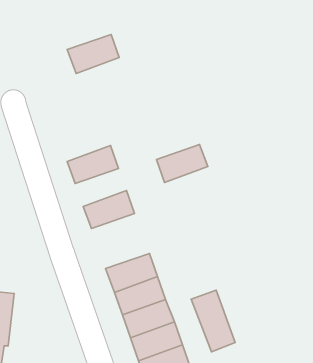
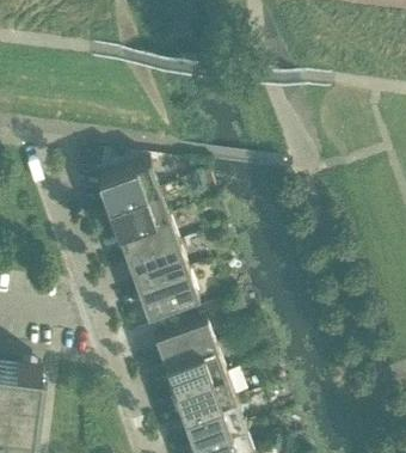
building: [67,34,119,73] -> [97,161,159,208]
building: [157,144,208,182] -> [117,216,178,262]
building: none -> [136,270,198,317]
building: [191,290,235,352] -> none

